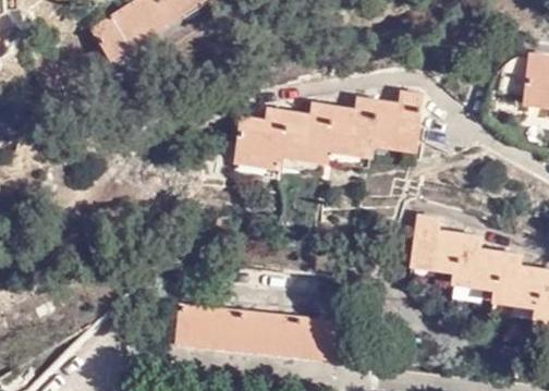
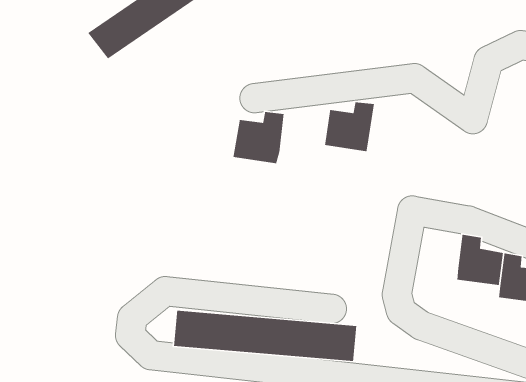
building: [370,98,418,149] -> none
building: [282,109,331,159] -> none
building: [414,217,462,268] -> none

